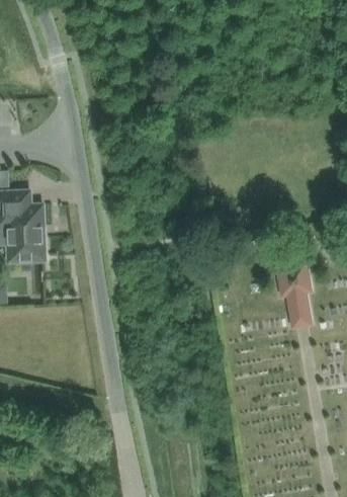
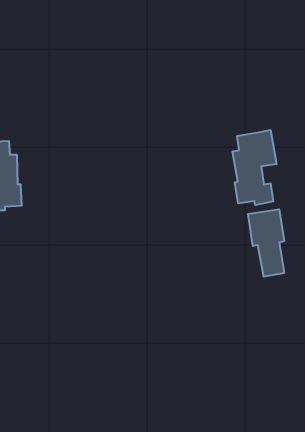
building: none -> [233,130,276,205]

